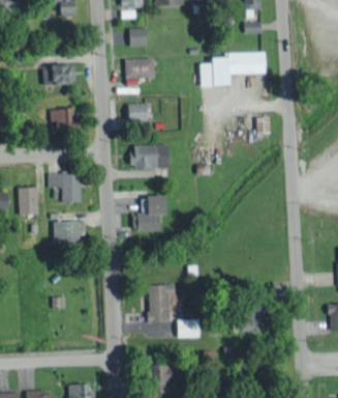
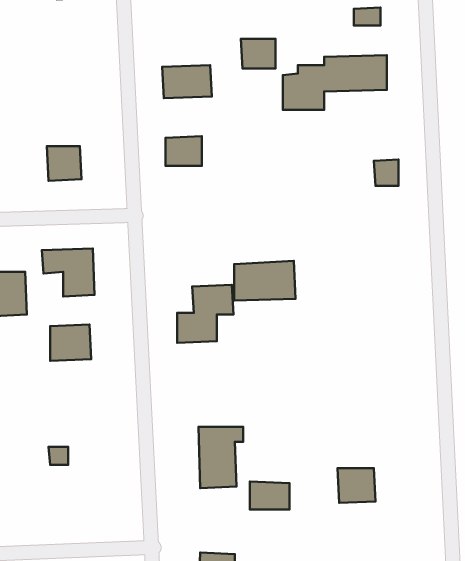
building: [130,28,152,47] -> [241,39,276,69]
building: [44,64,76,84] -> none
building: [131,144,170,169] -> [234,261,295,301]

